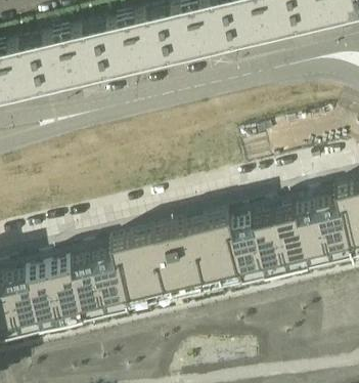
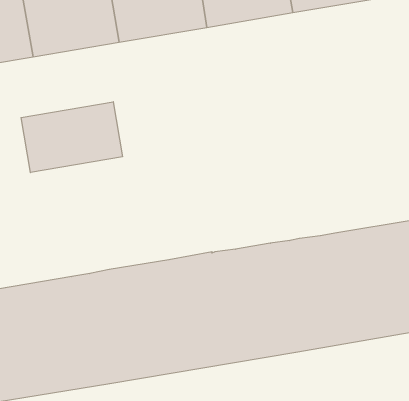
building: none -> [21,102,122,173]

